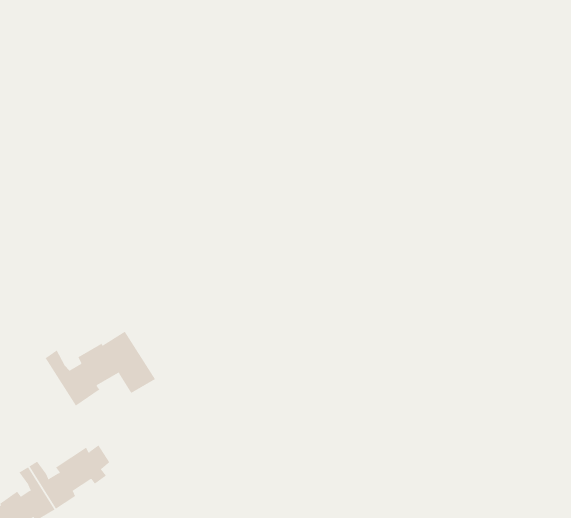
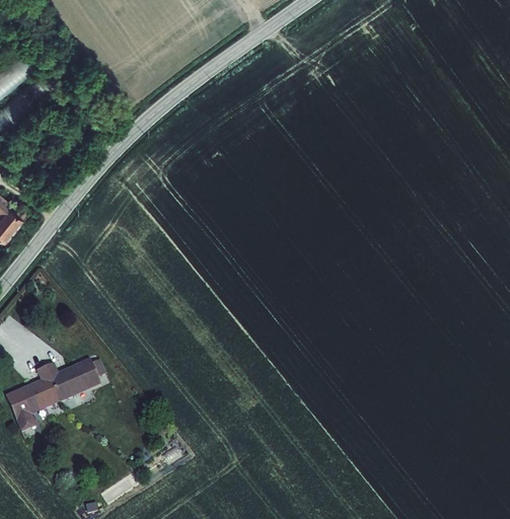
building: [45,331,156,407] -> none

